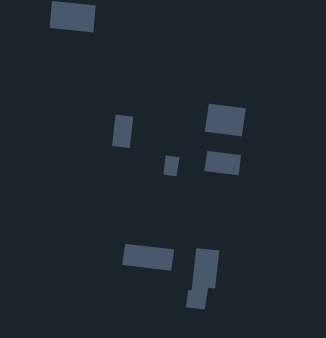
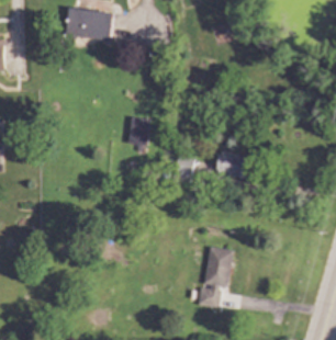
building: [204,103,247,137] -> none
building: [121,243,175,272] -> none

